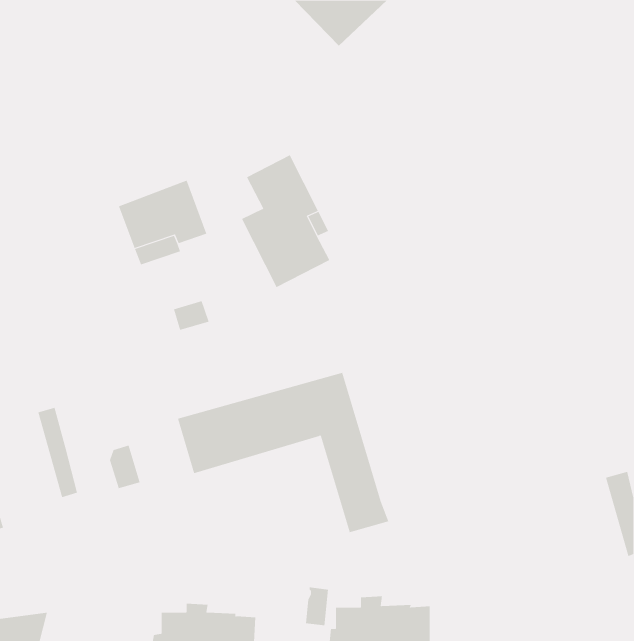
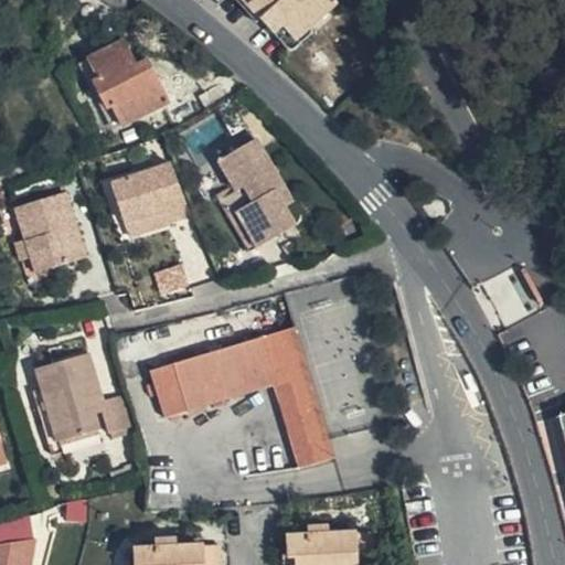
building: none -> [85,34,161,116]
building: none -> [14,194,84,275]
building: none -> [49,349,96,434]

